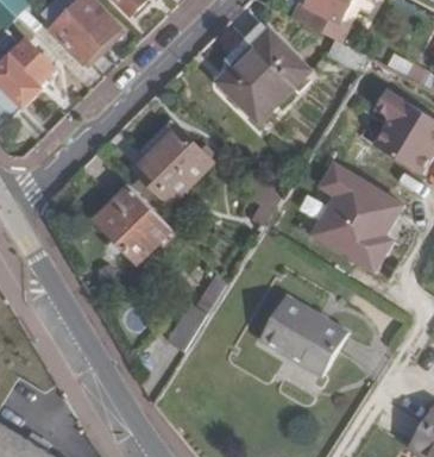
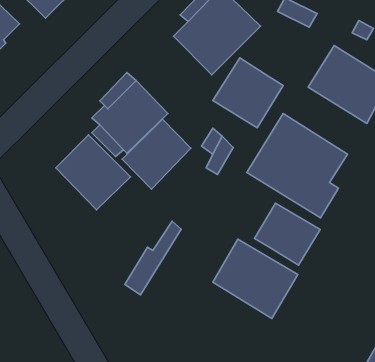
building: none -> [213,58,283,128]
building: none -> [122,119,191,189]
building: none -> [255,203,320,265]

